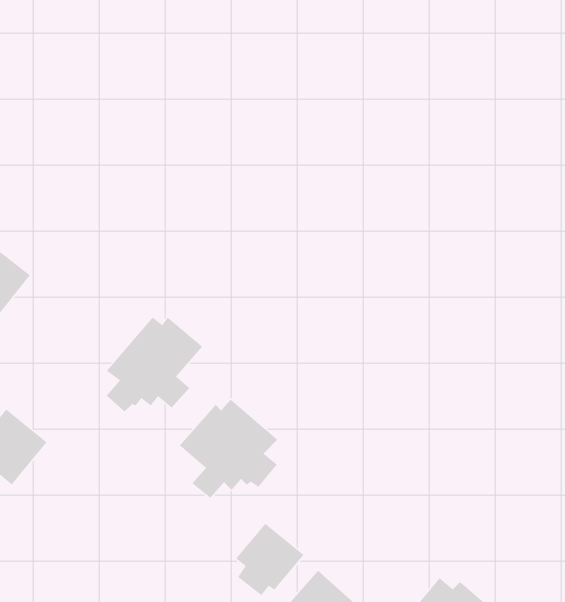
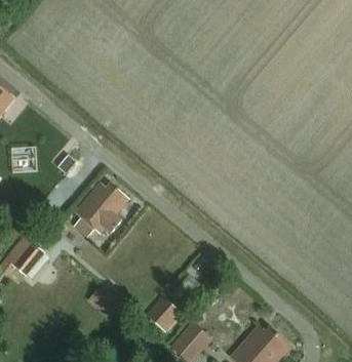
building: [179,399,278,499] -> none

